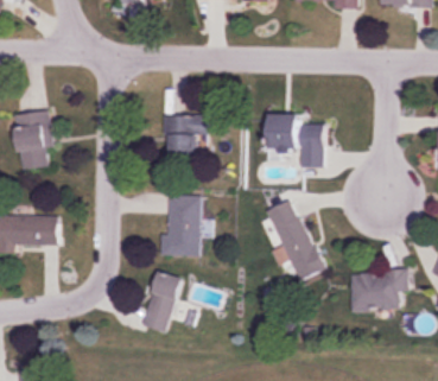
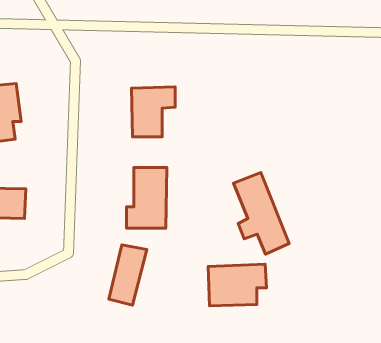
building: [267,113,323,167] -> none
building: [350,268,408,310] -> [208,264,266,306]

